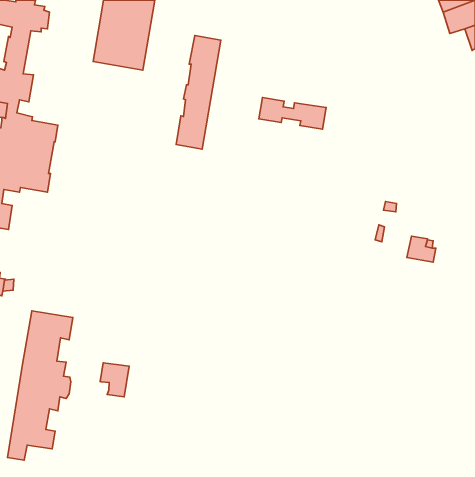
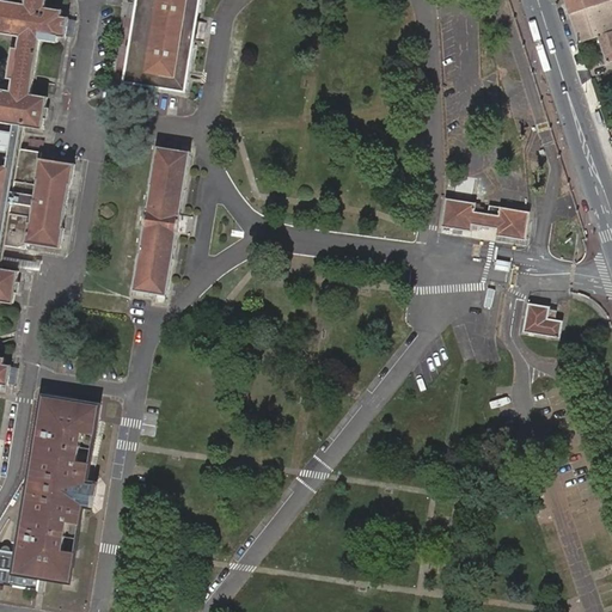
building: [176,35,221,149] -> [133,139,190,284]
building: [259,97,326,129] -> [441,200,527,240]
building: [100,363,129,397] -> none

